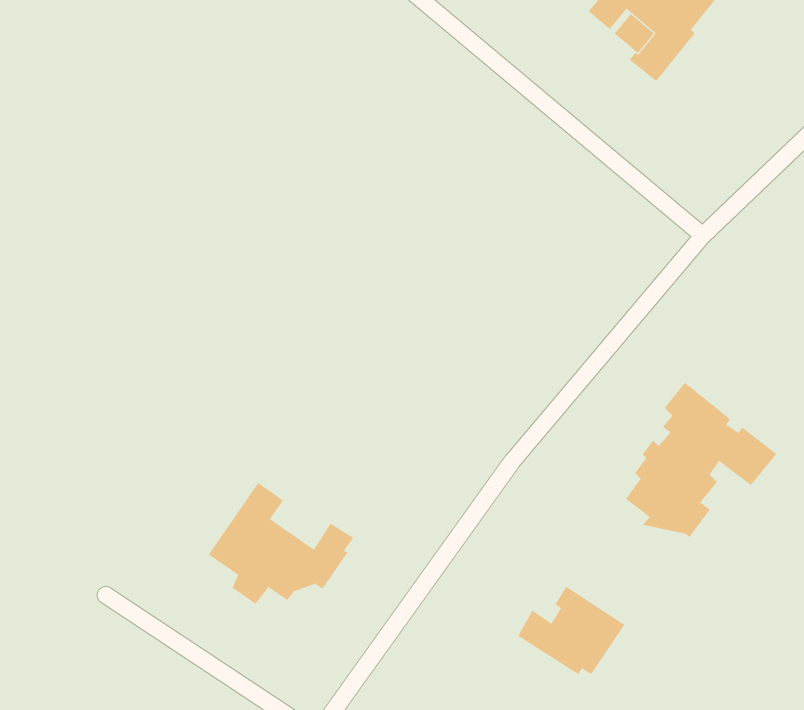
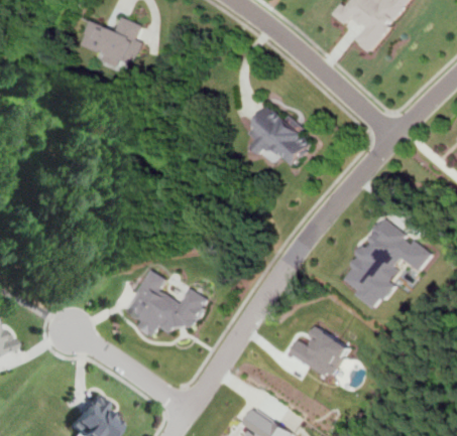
building: none -> [85,16,142,71]
building: none -> [249,104,312,166]

